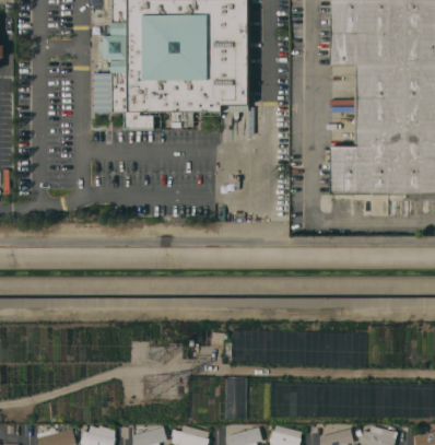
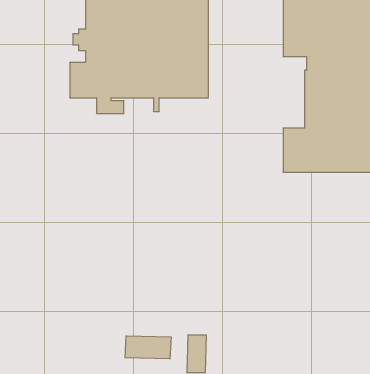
building: none -> [125,336,171,359]

